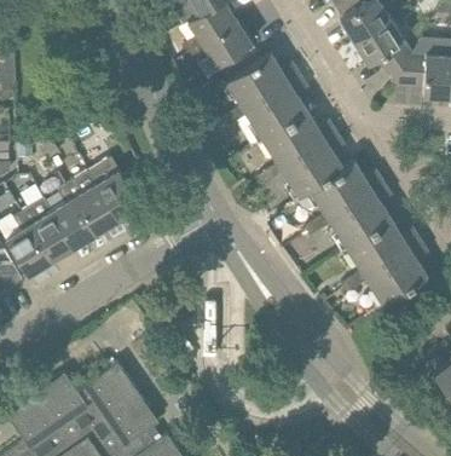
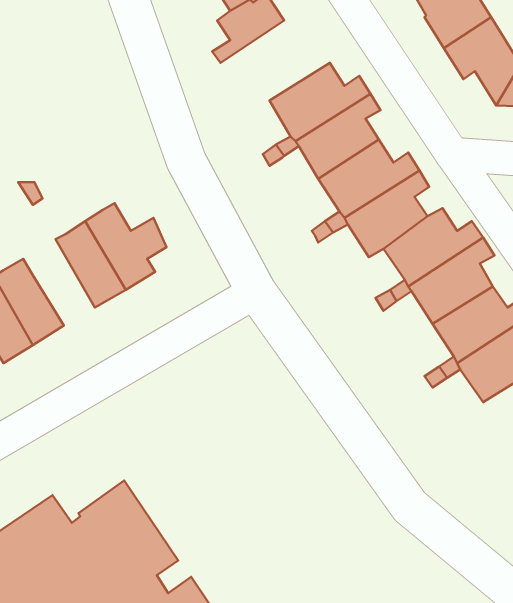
building: [189,22,250,68] -> none
building: [50,184,96,248] -> none

